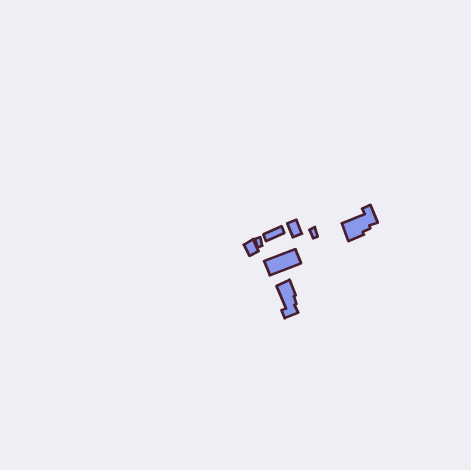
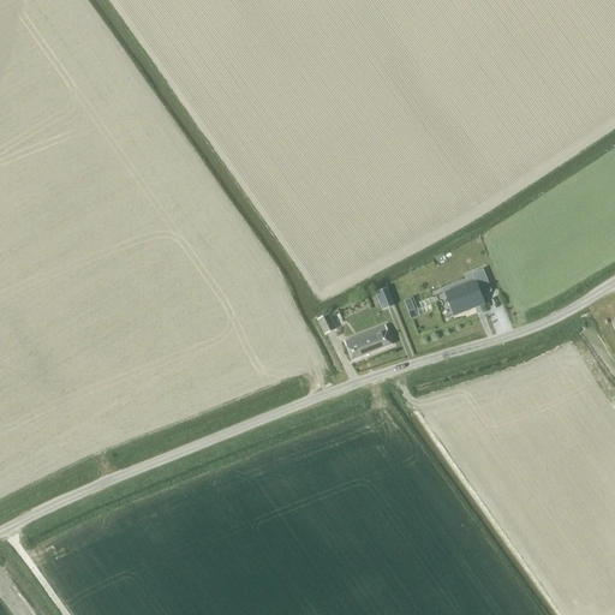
building: [277,280,298,318] -> none

